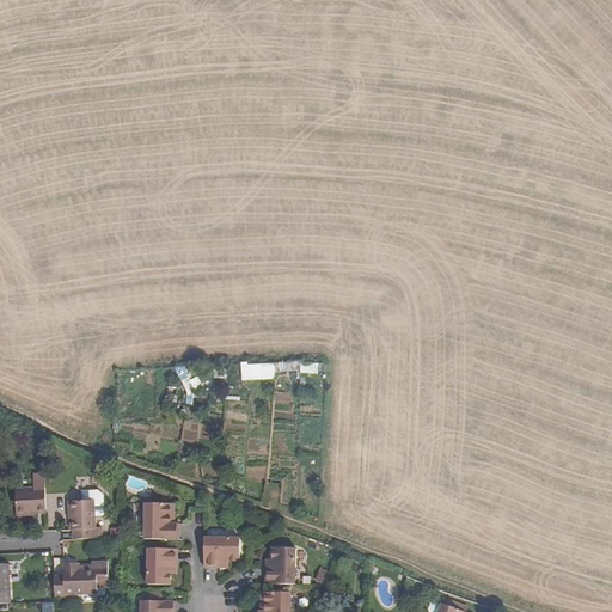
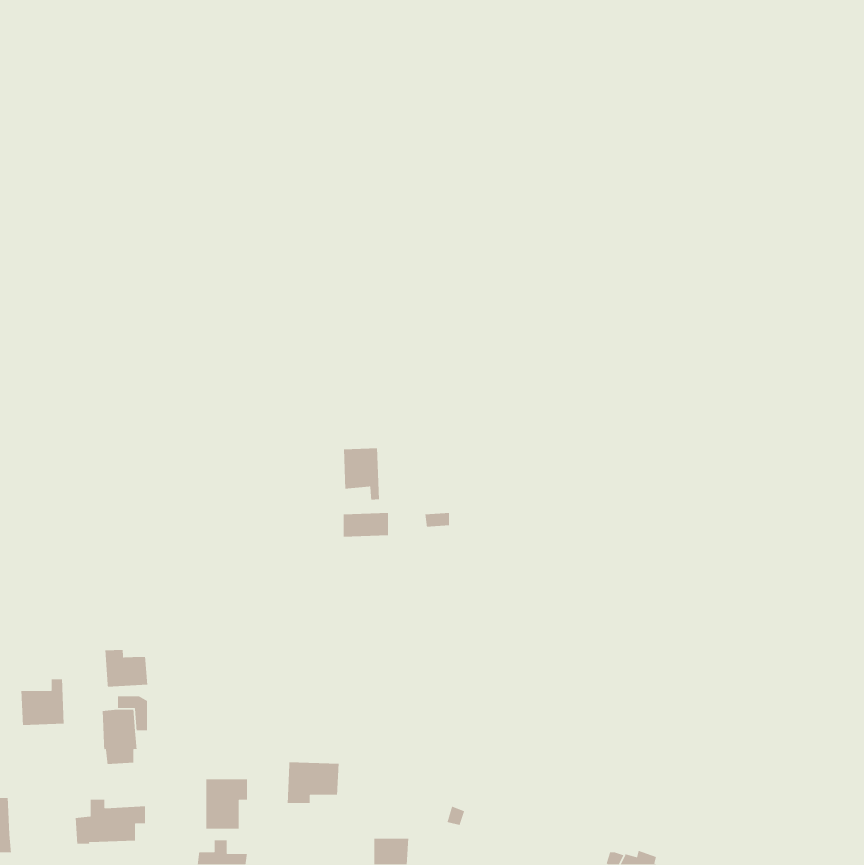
building: none -> [343,447,380,501]
building: none -> [104,649,148,688]
building: [145,502,178,539] -> none
building: [263,546,293,583] -> none

